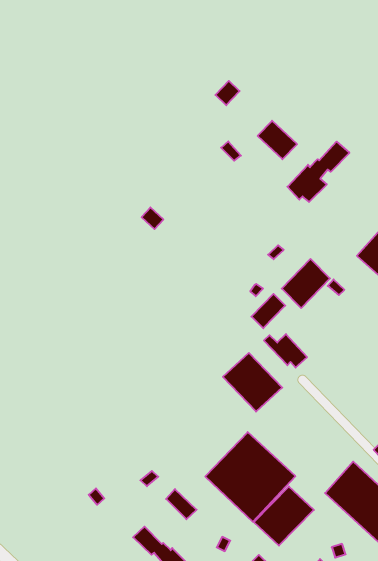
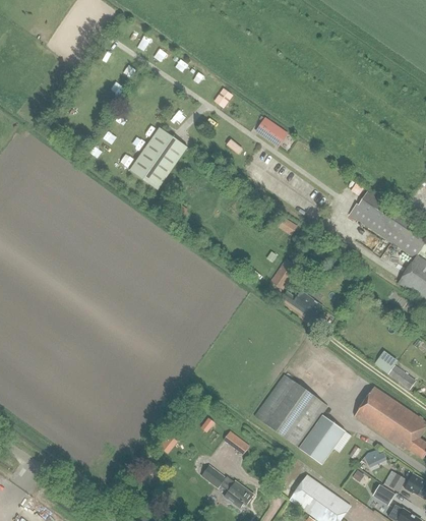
building: none -> [130,128,188,190]
building: [287,142,349,202] -> none
building: [282,259,330,308] -> none
building: [223,353,282,412] -> none

